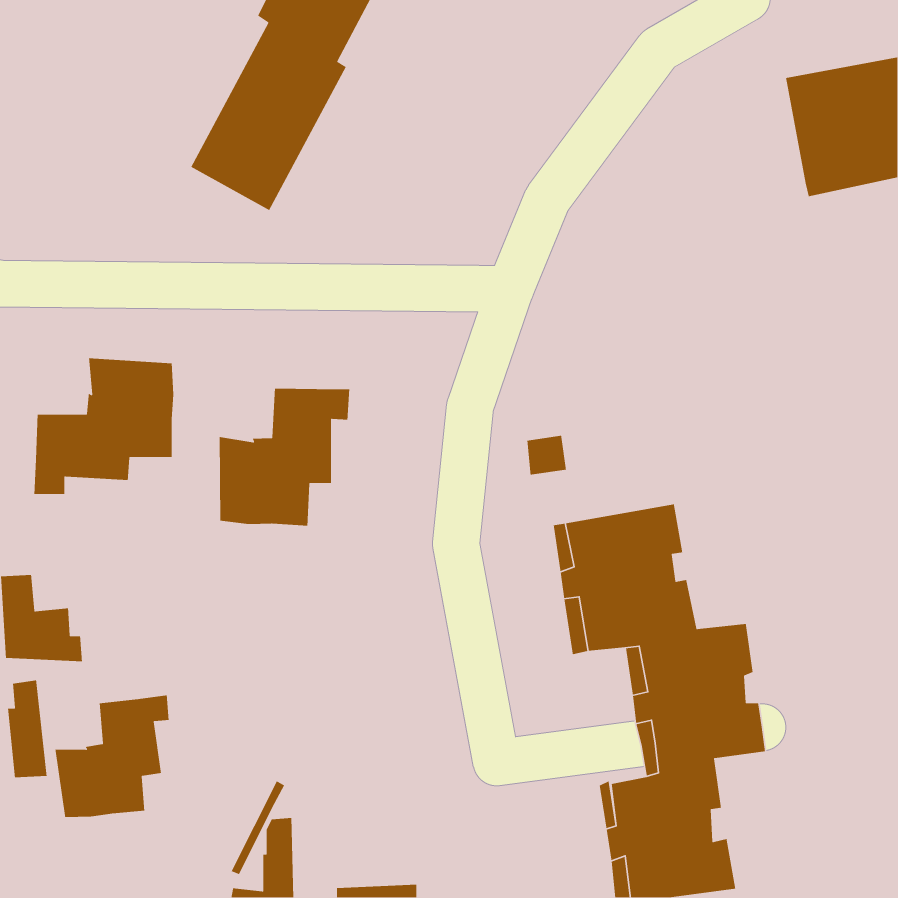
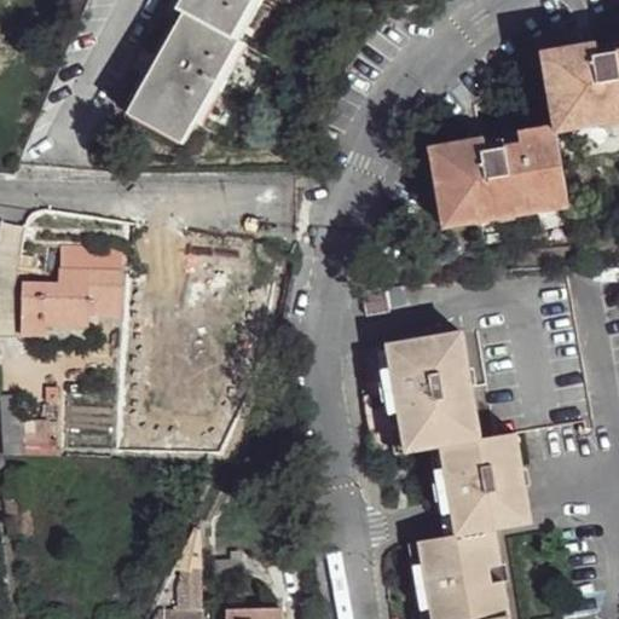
building: none -> [427,126,567,228]
building: [219,388,350,526] -> none
building: [54,694,170,818] -> none

